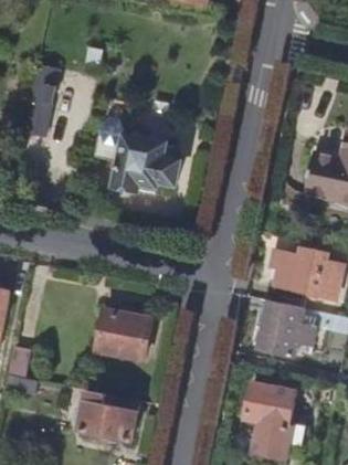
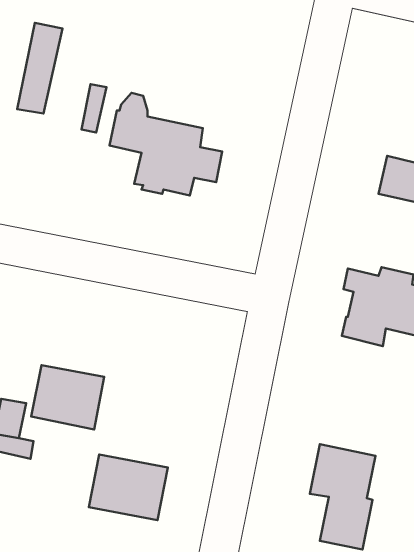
building: [257,299,314,357] -> none
building: [96,309,151,358] -> [31,365,104,430]

